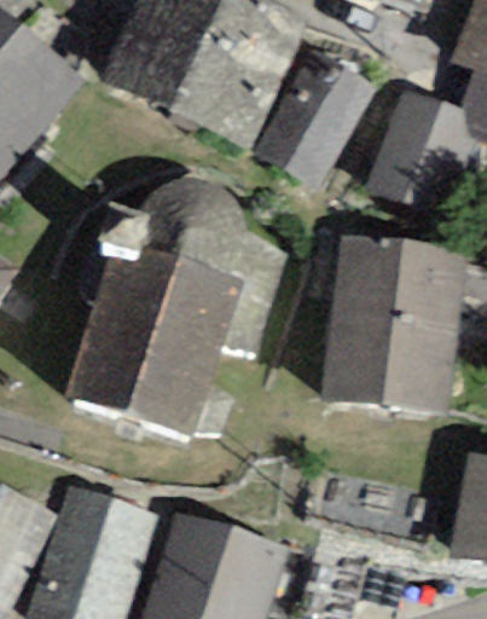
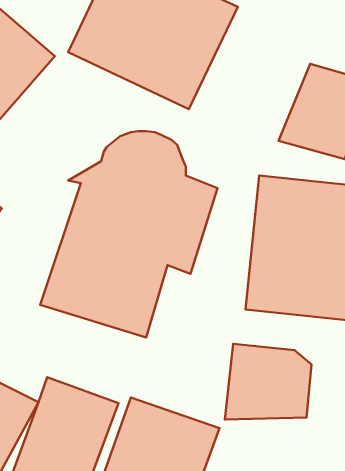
building: [253,48,378,190] -> none
building: none -> [225,344,311,420]

